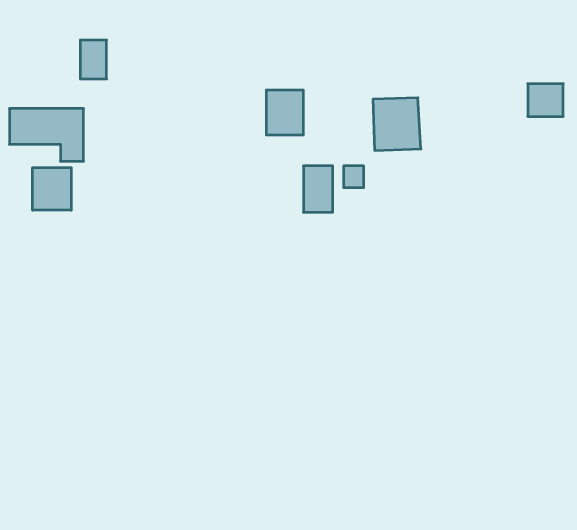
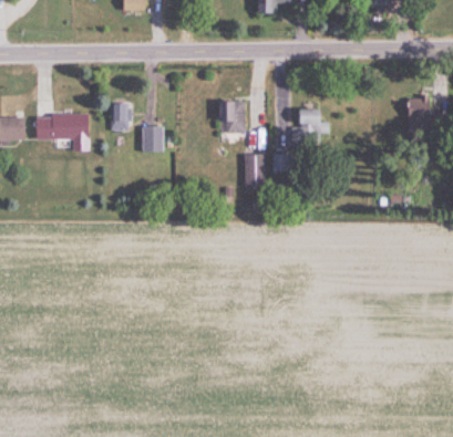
building: [80,40,107,79] -> [112,103,131,131]
building: none -> [142,126,162,152]
building: [33,168,71,210] -> none

